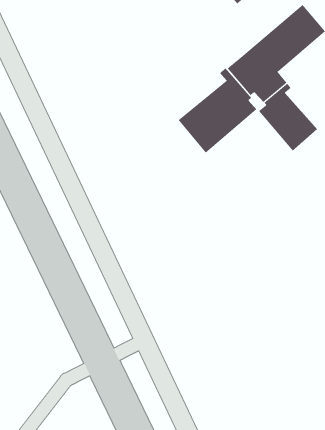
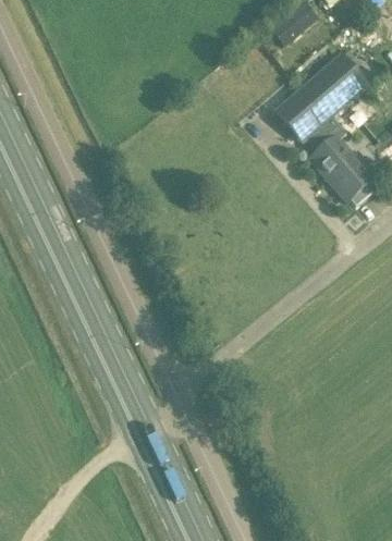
building: [178,67,257,153] -> none

